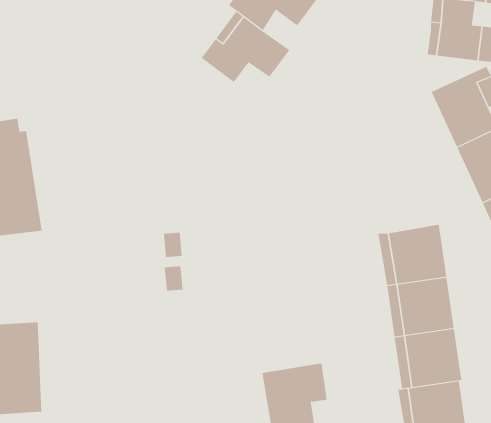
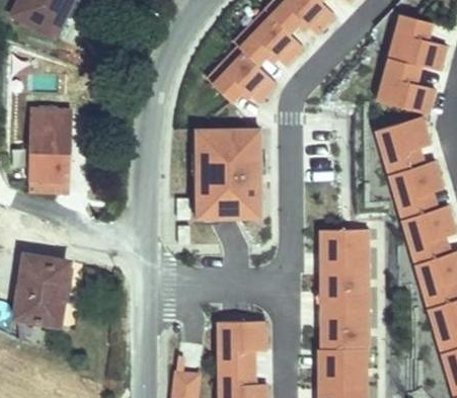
building: none -> [197,130,260,218]

